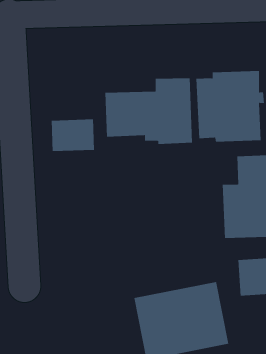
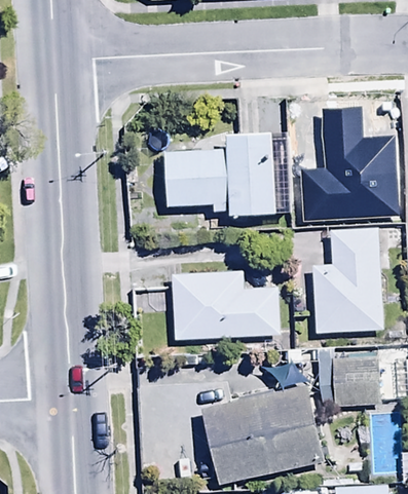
building: [51,119,95,152] -> none
building: none -> [174,271,282,339]

